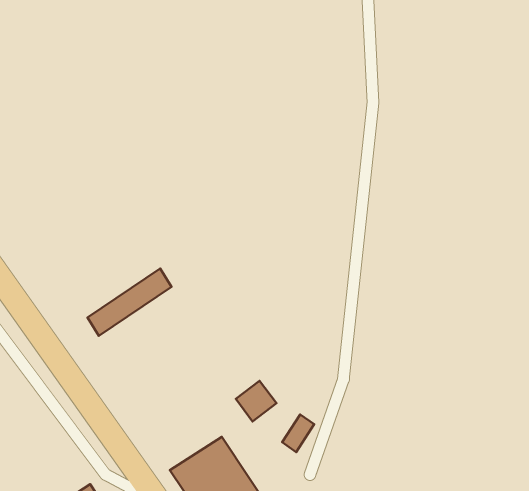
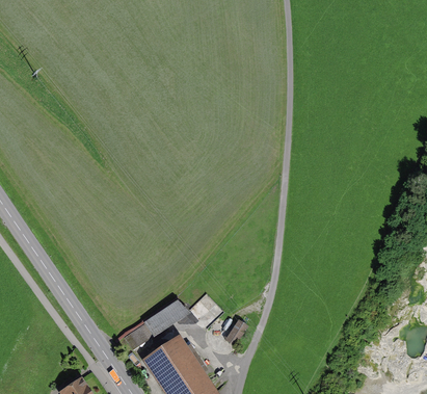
building: [87,269,172,336] -> [125,300,187,350]

